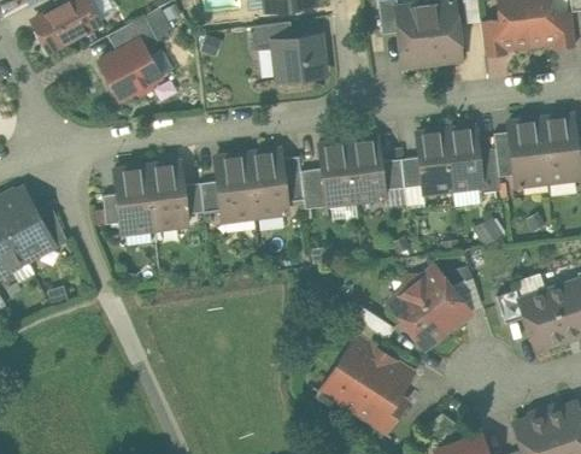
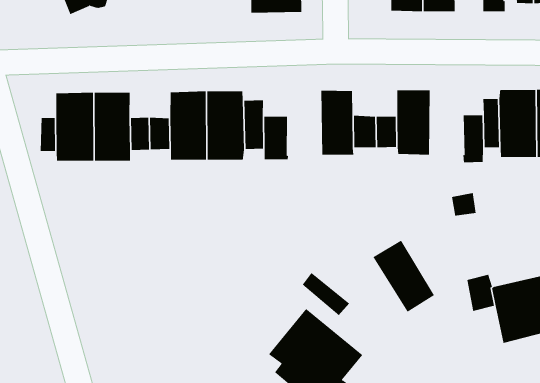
building: [447,128,483,189] -> none
building: [319,142,357,204] -> none
building: [389,285,448,348] -> none

